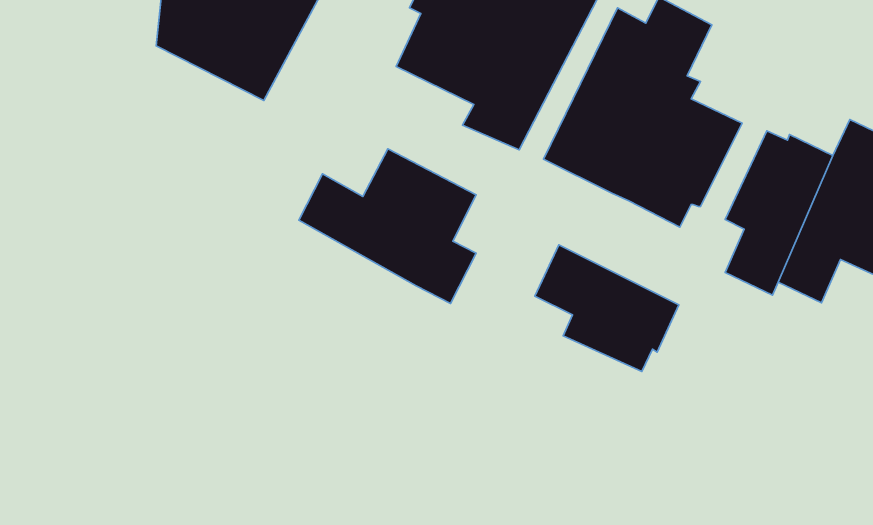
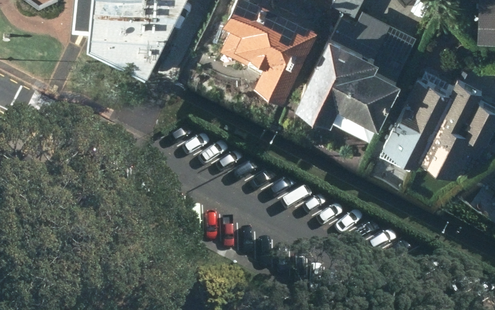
building: [299,149,476,304] -> none
building: [535,245,679,372] -> none

